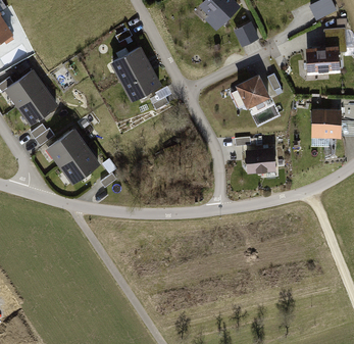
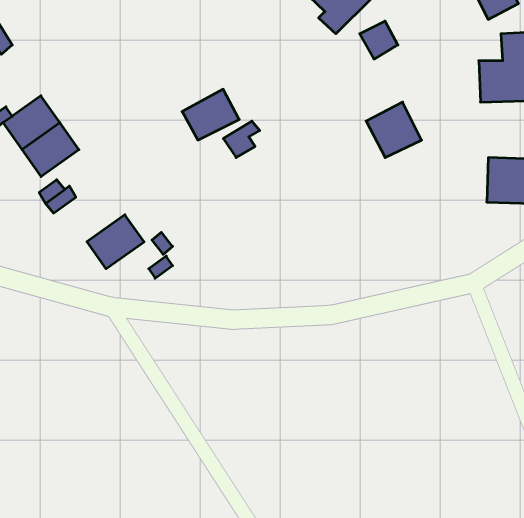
building: [109,47,146,80] -> none
building: [46,129,83,163] -> none
building: [249,147,282,175] -> none

